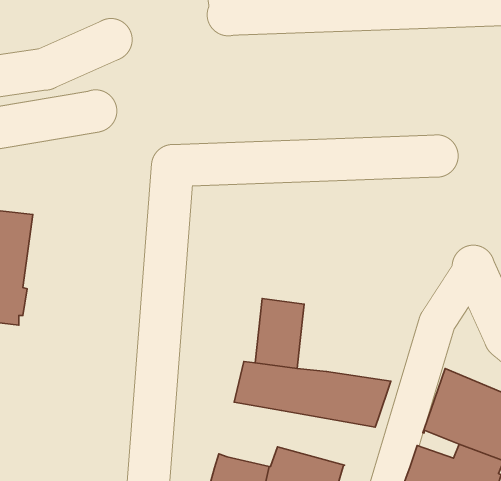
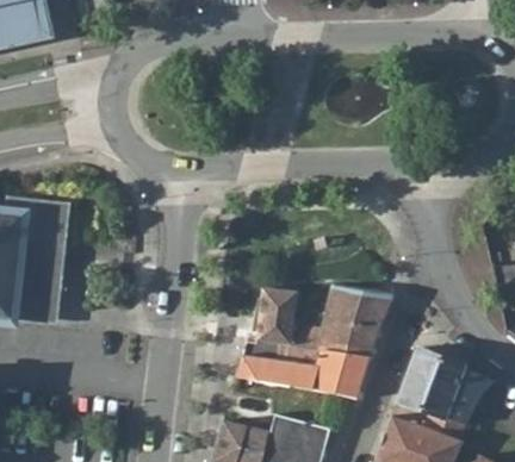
building: none -> [292,288,395,358]

